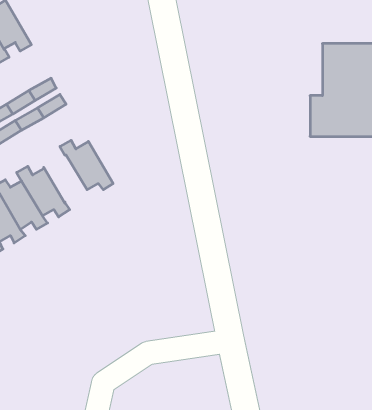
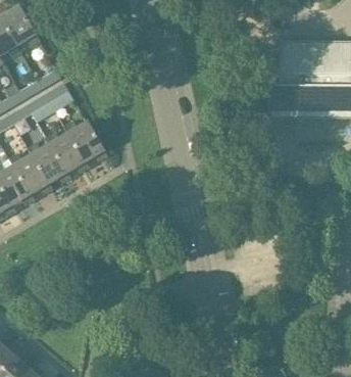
building: none -> [45,131,90,173]

